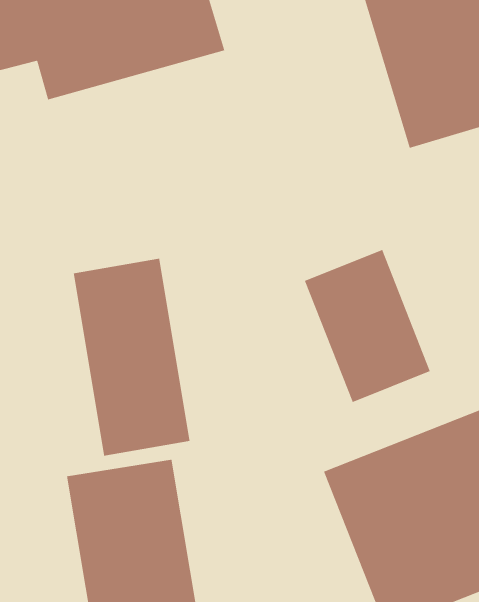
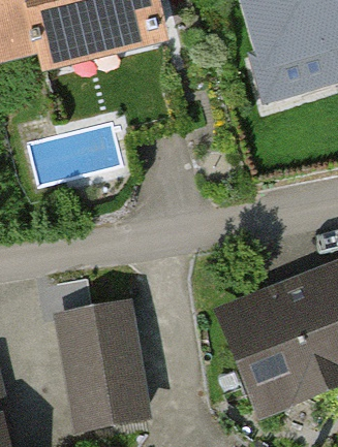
building: [304,249,431,403] -> none
building: [73,258,190,457] -> none

